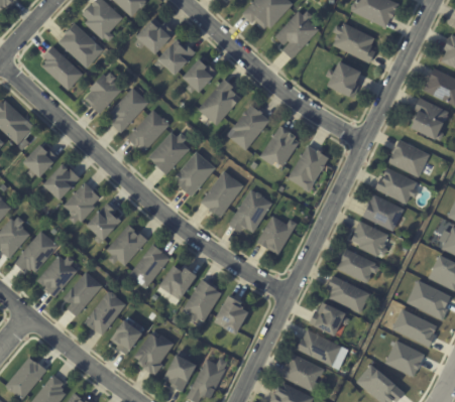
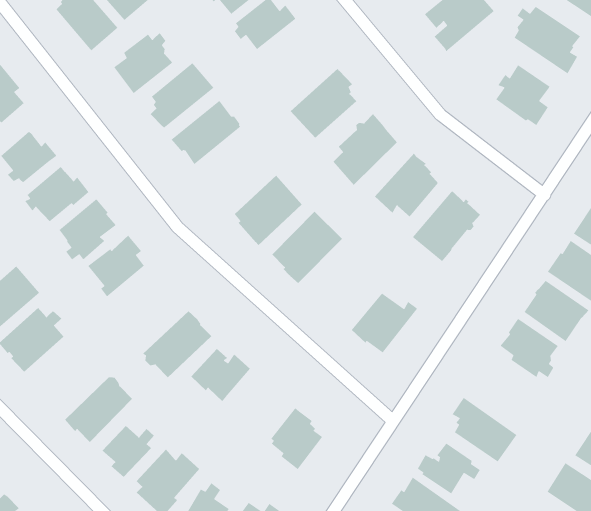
building: [180,59,217,93] -> none
building: [147,132,189,174] -> none
building: [229,189,271,232] -> none
building: [105,225,147,266] -> none
building: [336,248,379,283] -> none
building: [63,271,103,316] -> none
building: [183,280,221,322] -> none

